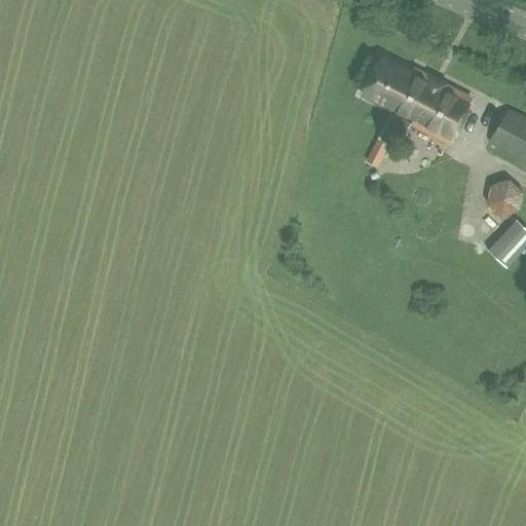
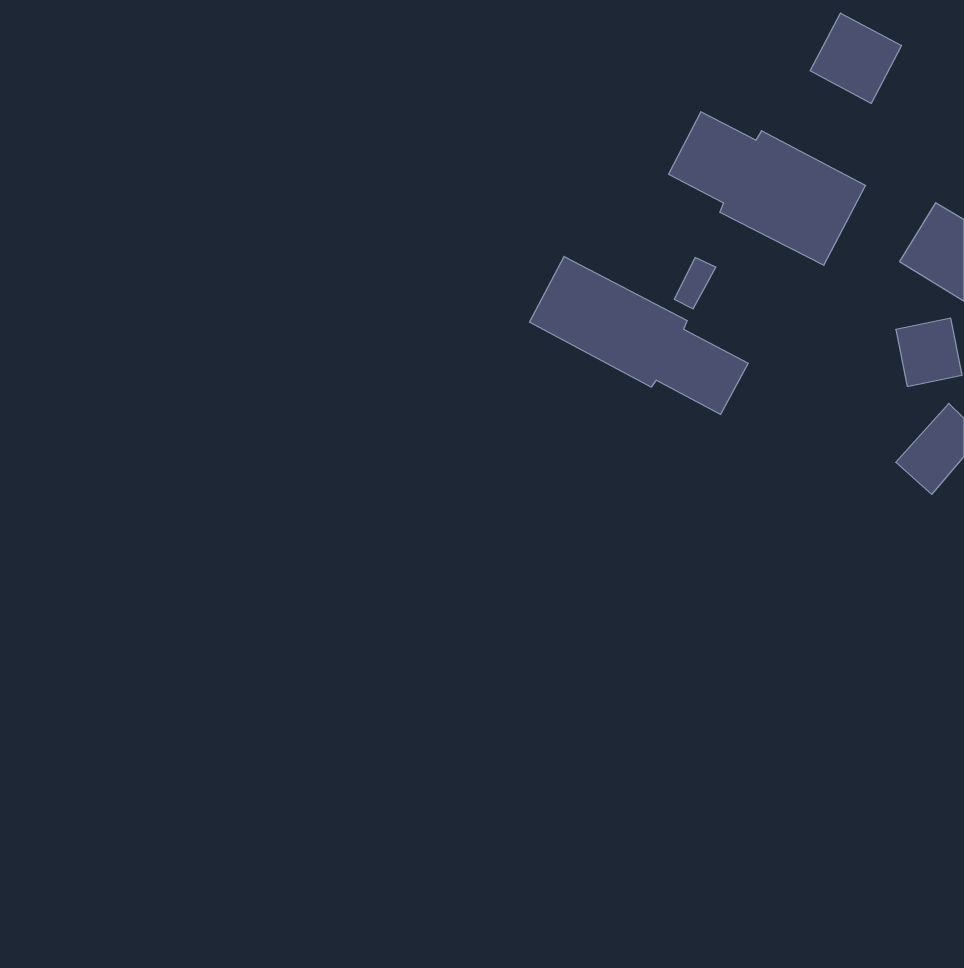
building: none -> [810,13,902,103]
building: none -> [530,256,748,414]

